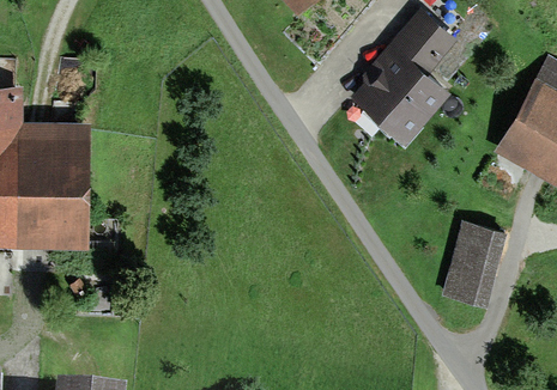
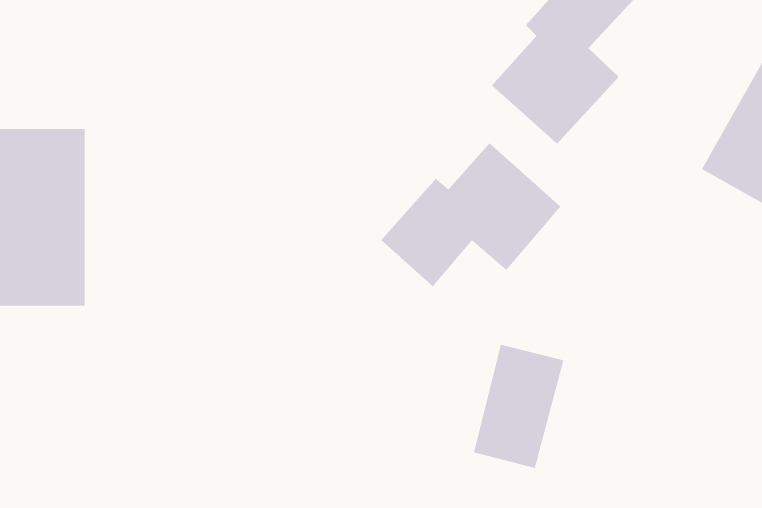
building: none -> [380,143,561,287]
building: [443,226,504,310] -> [473,344,564,469]

